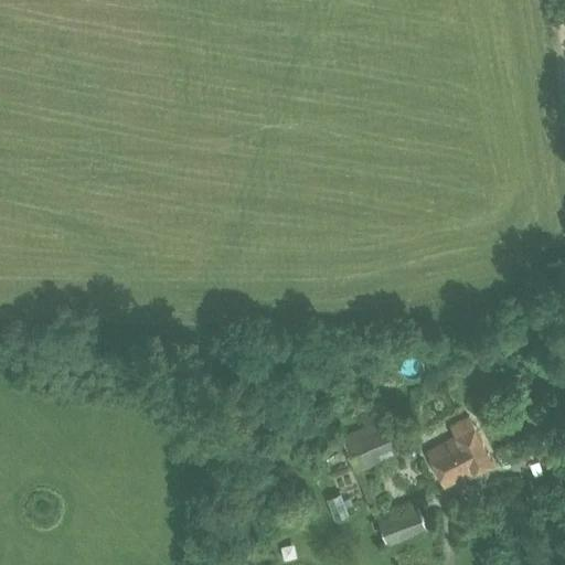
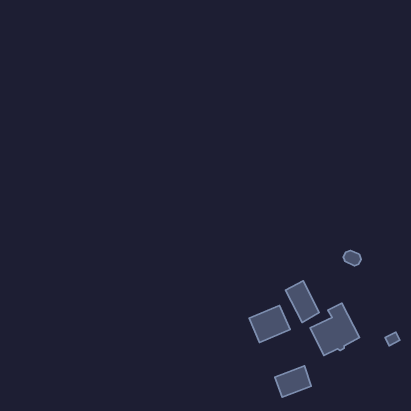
building: none -> [286,281,319,323]

